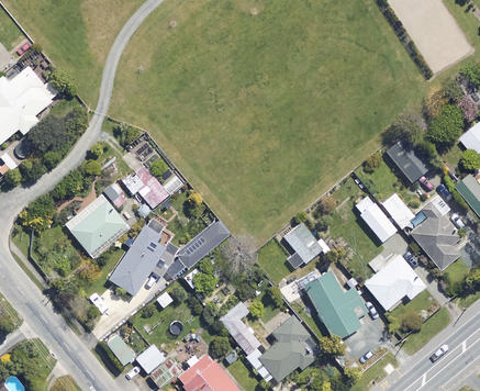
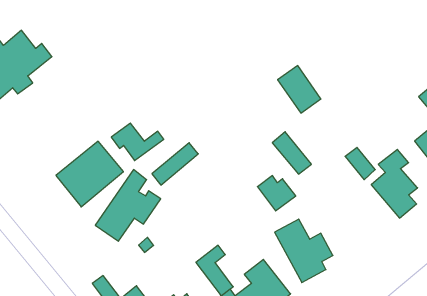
building: [382,134,429,186] -> [278,66,321,113]
building: [354,196,397,242] -> [272,132,311,174]
building: [178,222,228,268] -> [152,143,198,185]
building: [365,254,425,309] -> none

